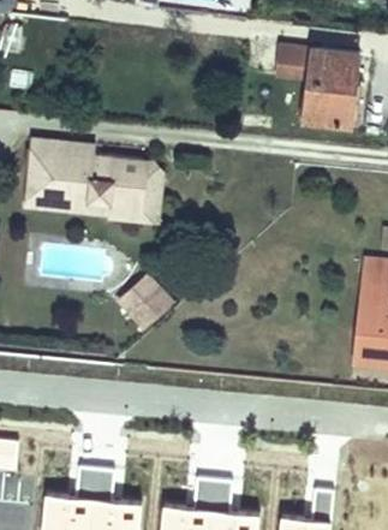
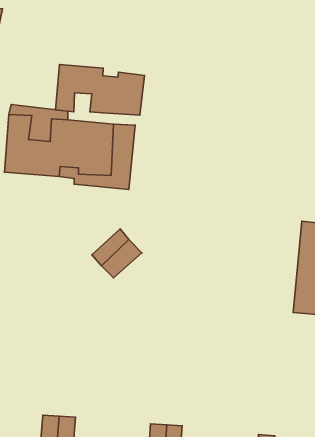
building: [280,50,357,127] -> none
building: none -> [56,65,145,115]

